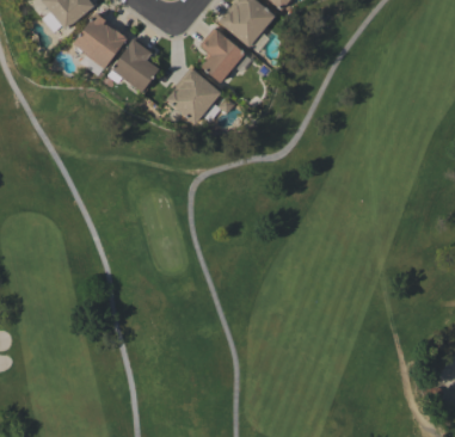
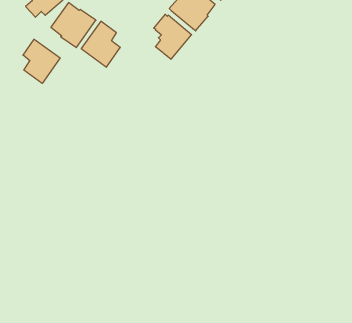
building: none -> [23,39,60,83]
building: [165,67,234,124] -> none

